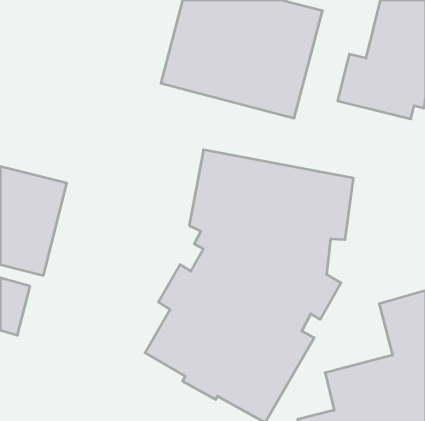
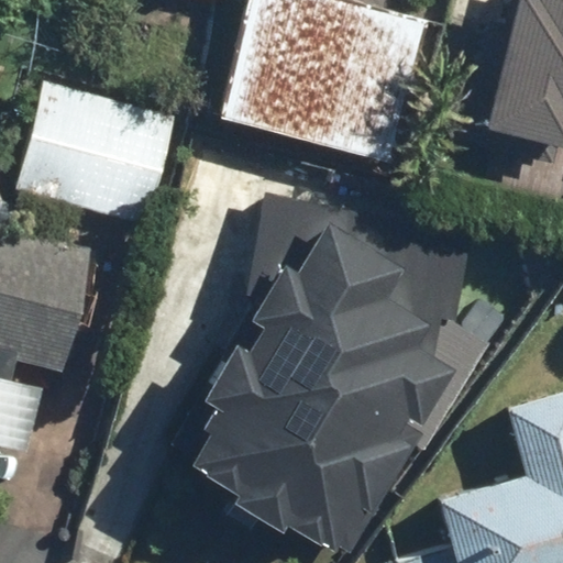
building: none -> [20,80,178,224]

